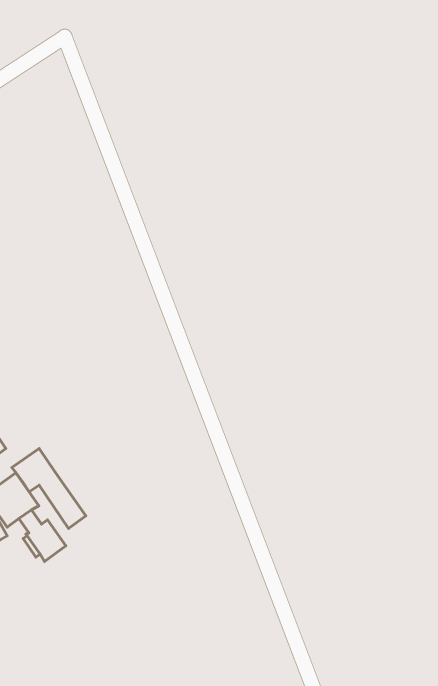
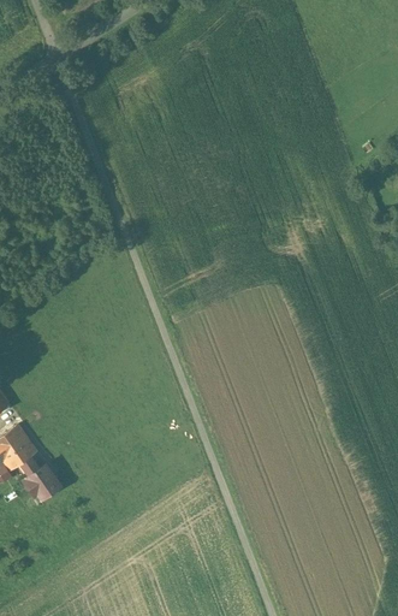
building: [12,448,86,528] -> none

